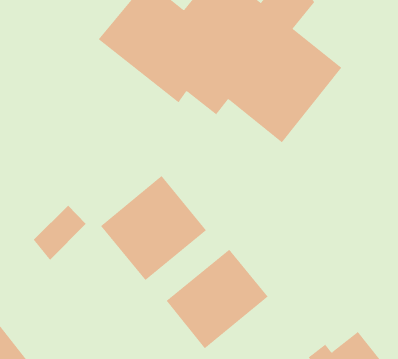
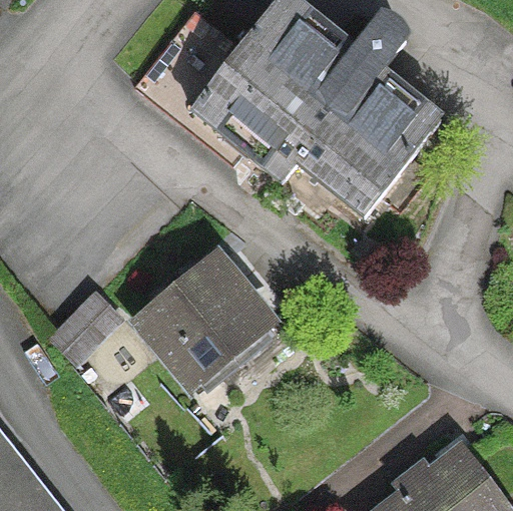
building: [166,249,268,349] -> none

